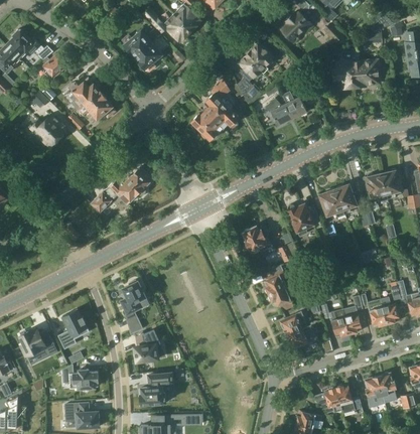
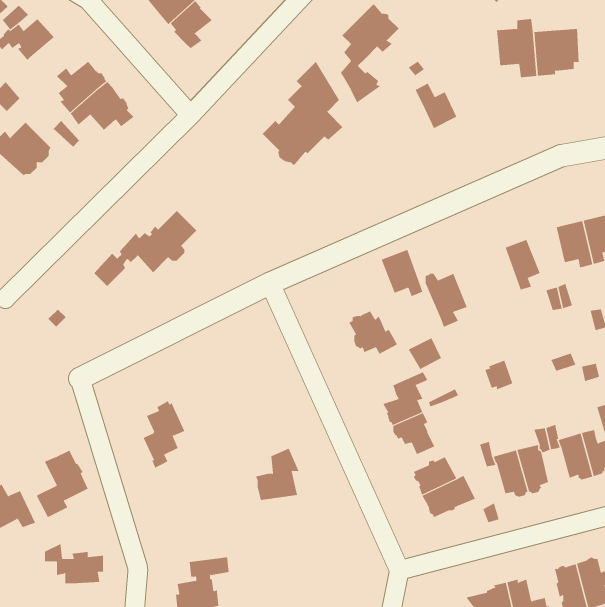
building: [265,98,293,126] -> none
building: [319,188,344,216] -> [381,249,423,297]
building: [134,329,160,360] -> [255,448,299,500]

